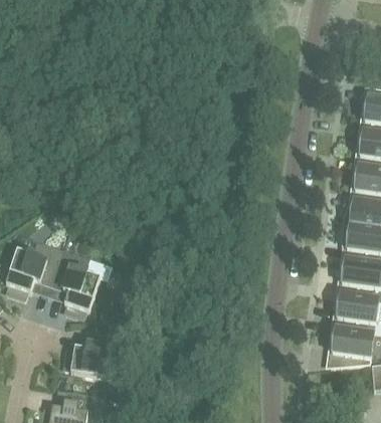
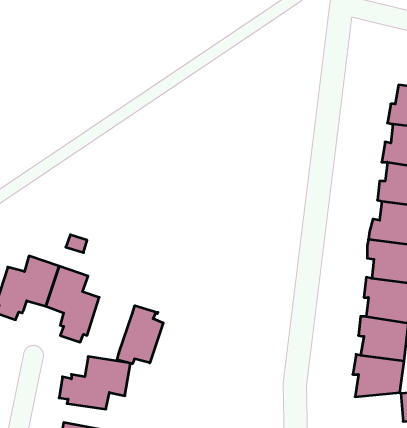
building: none -> [117,306,163,364]

